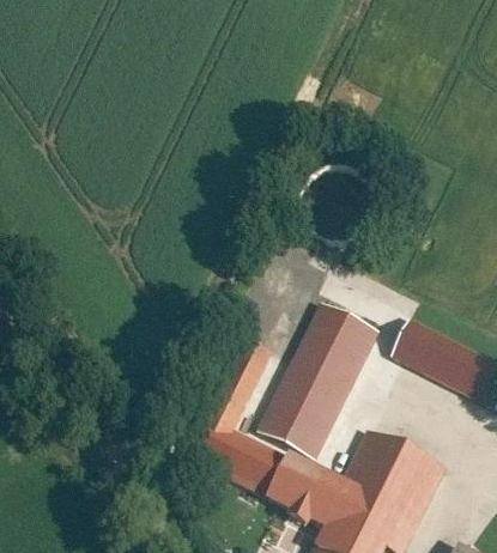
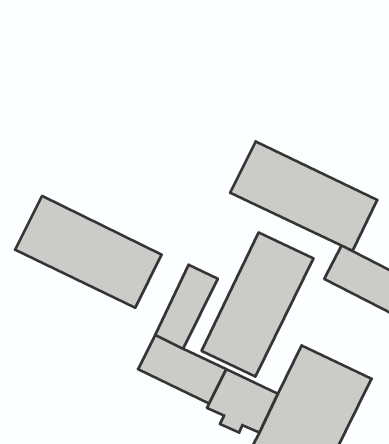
building: none -> [230,141,377,251]
building: none -> [15,196,162,308]

